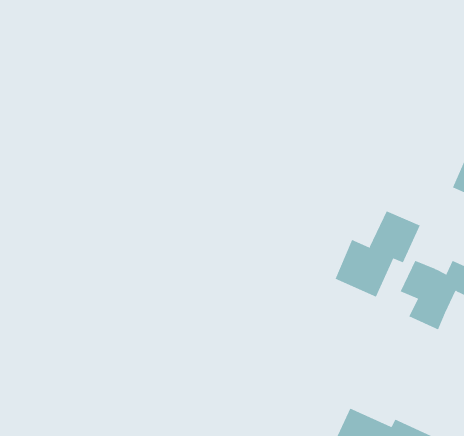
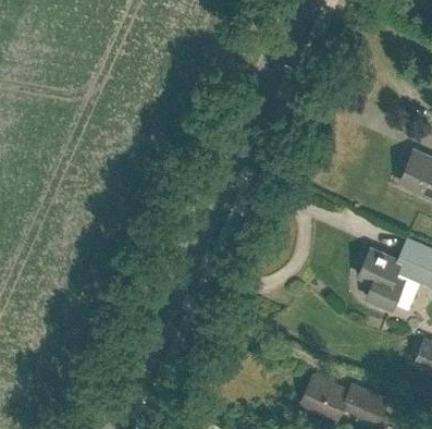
building: [335,210,420,297] -> none

